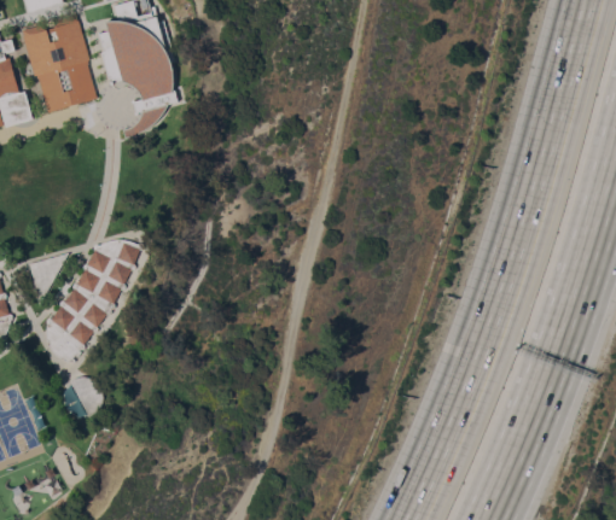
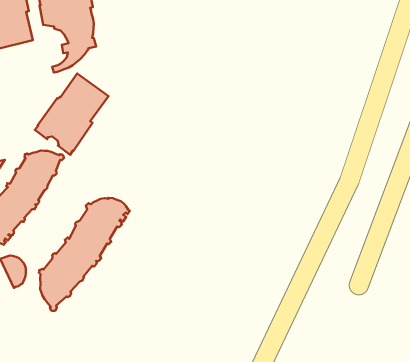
building: none -> [35,74,108,155]
building: none -> [39,198,130,311]

